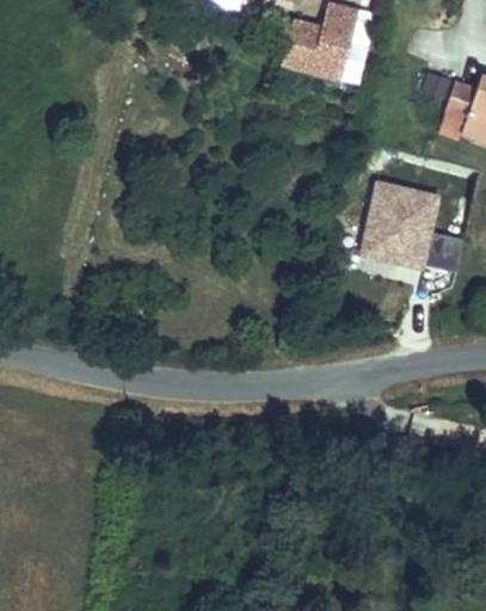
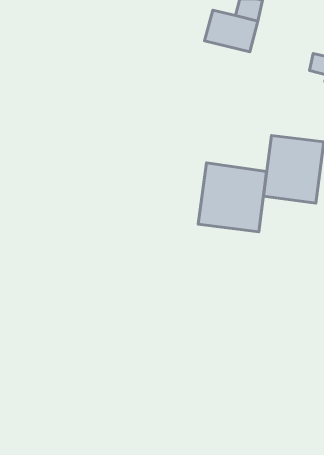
building: none -> [198,163,267,232]

